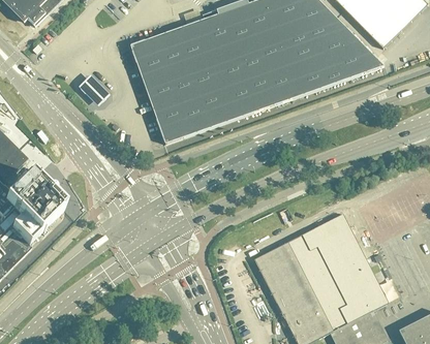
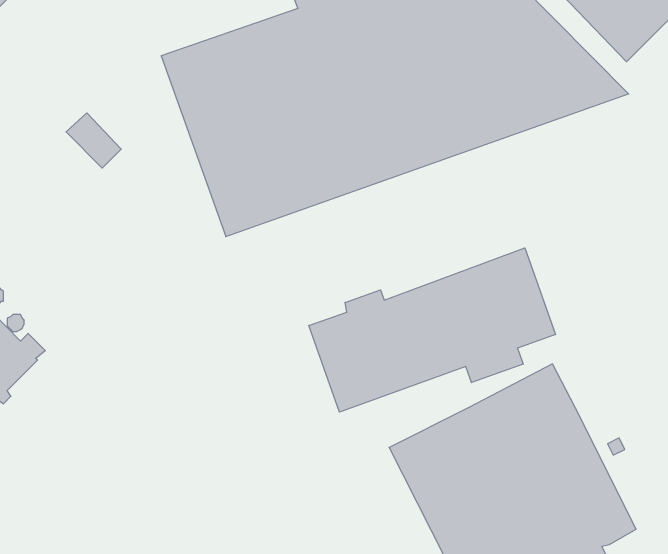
building: none -> [309,248,555,412]

